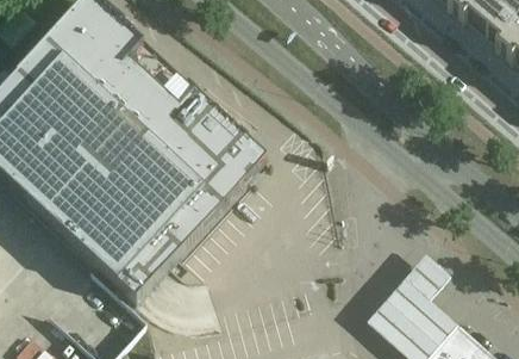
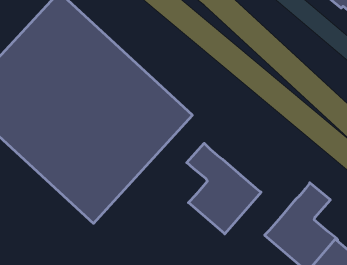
building: none -> [187,143,261,234]

